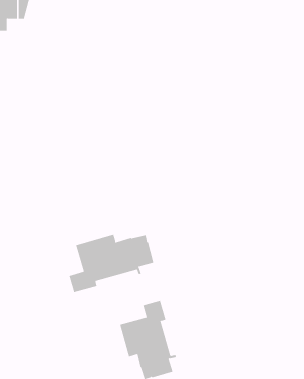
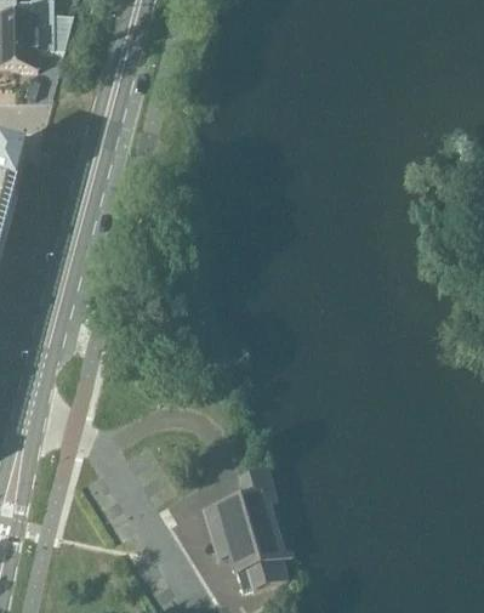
building: [69,234,154,293] -> none

